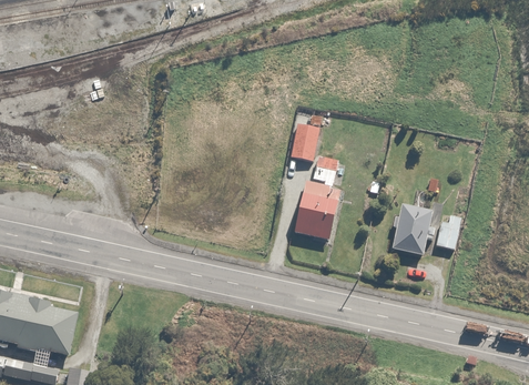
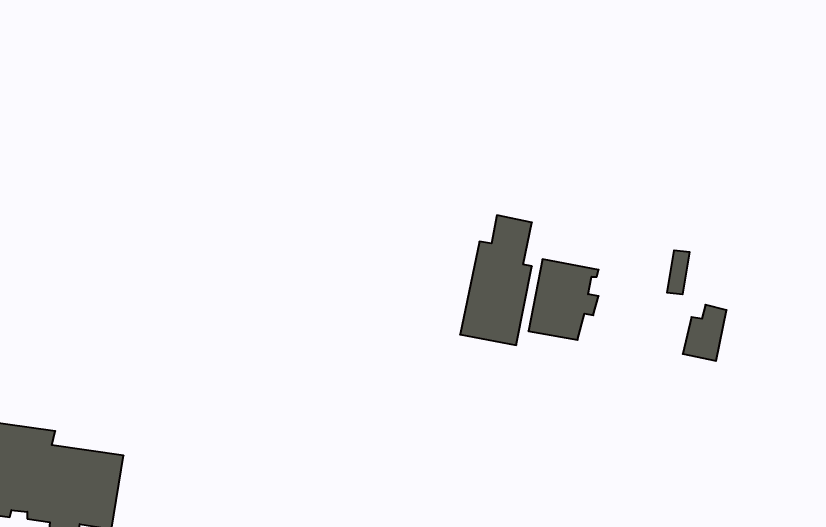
building: [292,123,318,160] -> none
building: [391,203,436,254] -> [528,259,599,340]

